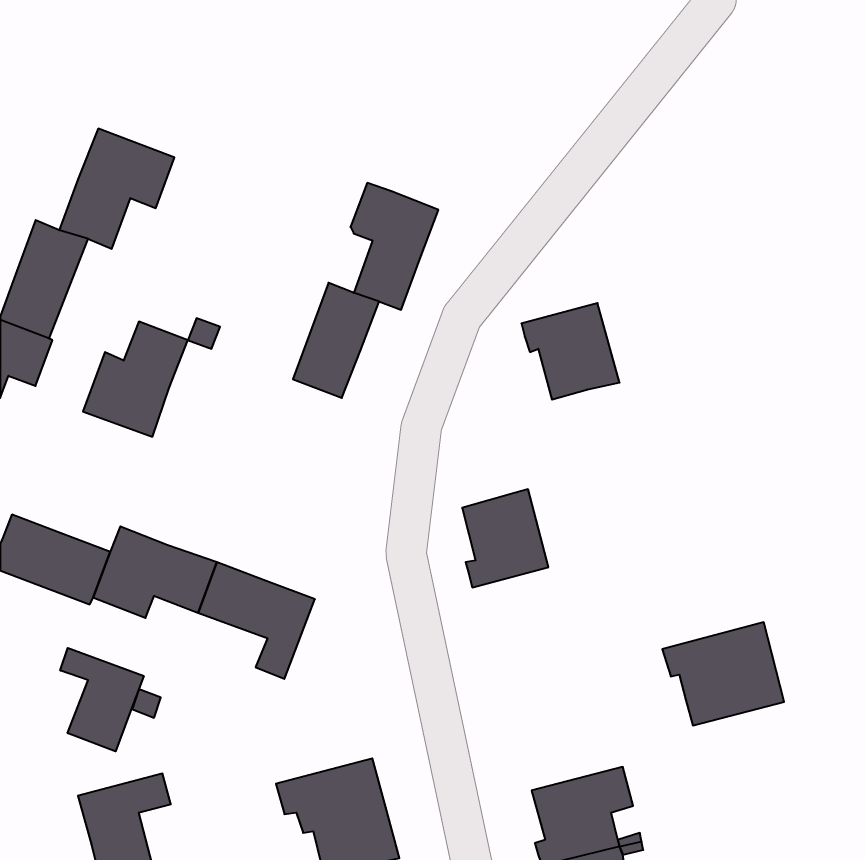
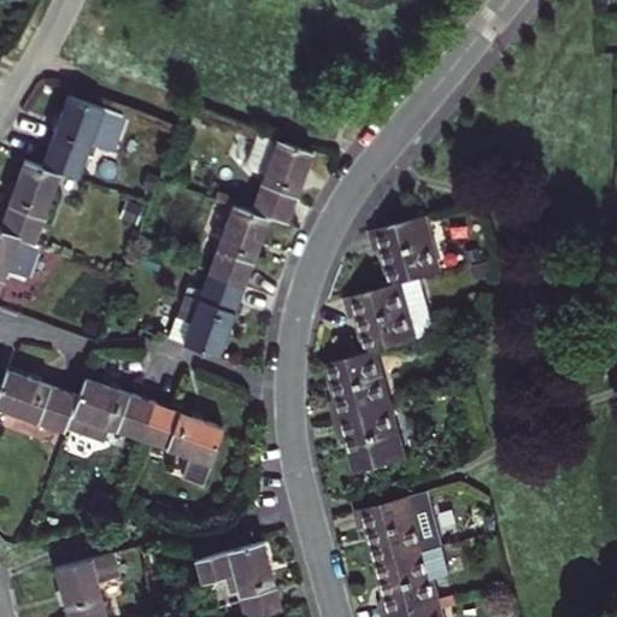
building: [83,322,188,437] -> [169,274,243,355]
building: none -> [346,281,433,354]
building: none -> [336,407,406,475]
building: [662,622,784,725] -> [357,493,443,566]
building: [60,648,144,751] -> none

